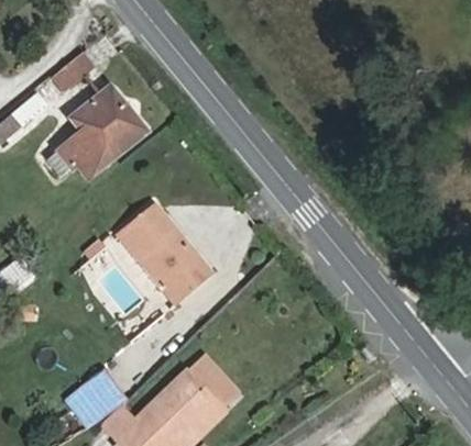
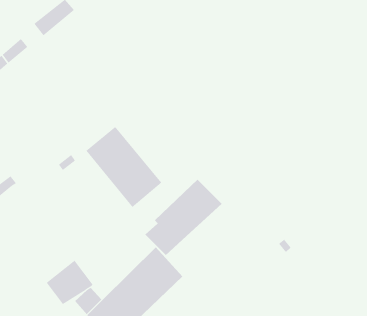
building: [46,86,146,177] -> none
building: none -> [145,179,222,256]

